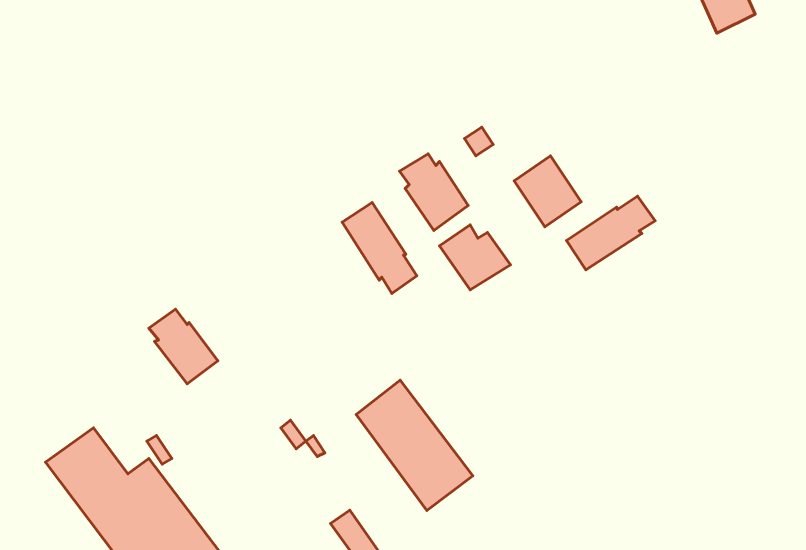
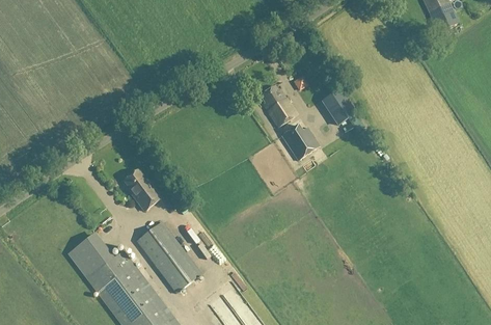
building: [566,196,655,270] -> none
building: [342,202,417,294] -> none
building: [356,380,473,510] -> [137,221,200,292]

